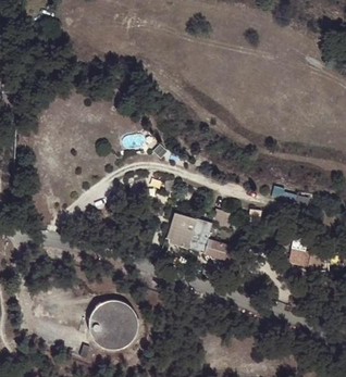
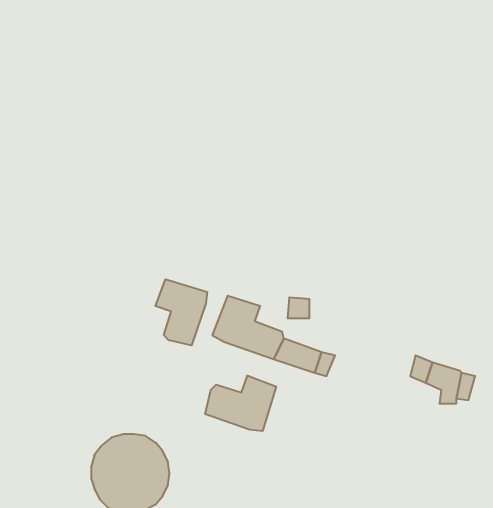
building: none -> [155,279,207,345]
building: none -> [205,376,276,431]

